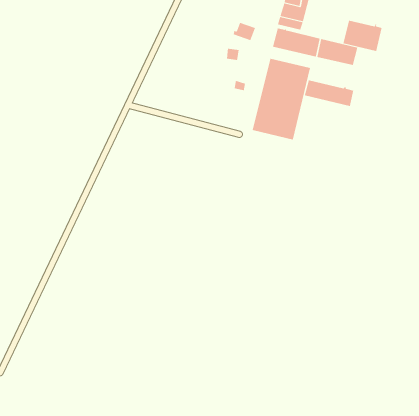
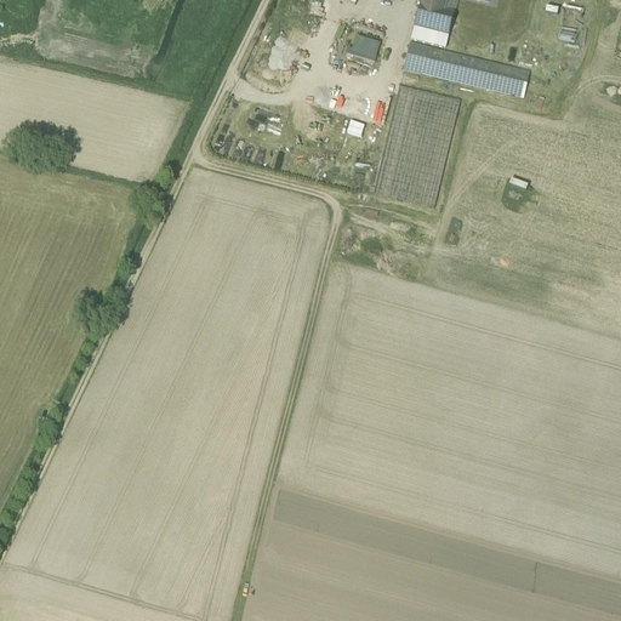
building: [343,20,382,52] -> none
building: [304,79,354,107] -> none

